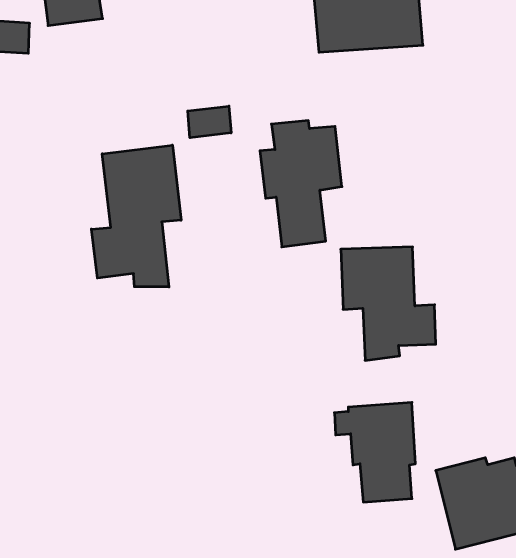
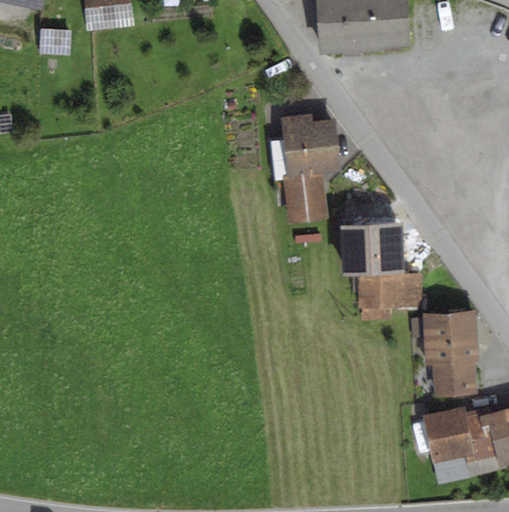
building: [188,106,231,138] -> none
building: [91,145,181,287] -> none
building: [334,402,415,502] -> [411,309,481,395]

